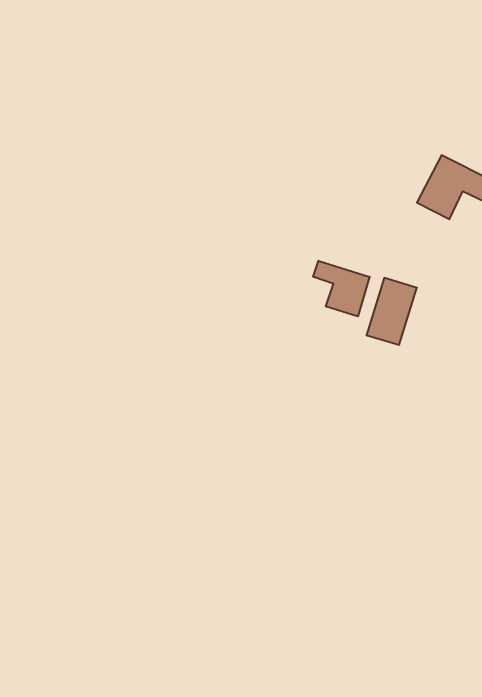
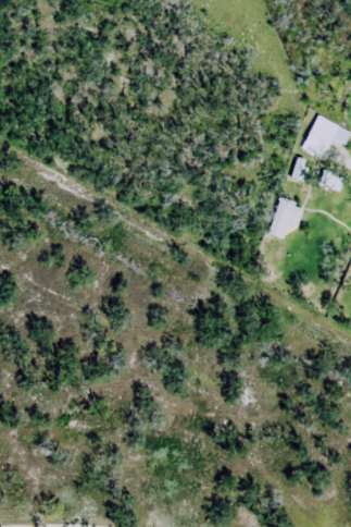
building: [313,261,370,316] -> none

